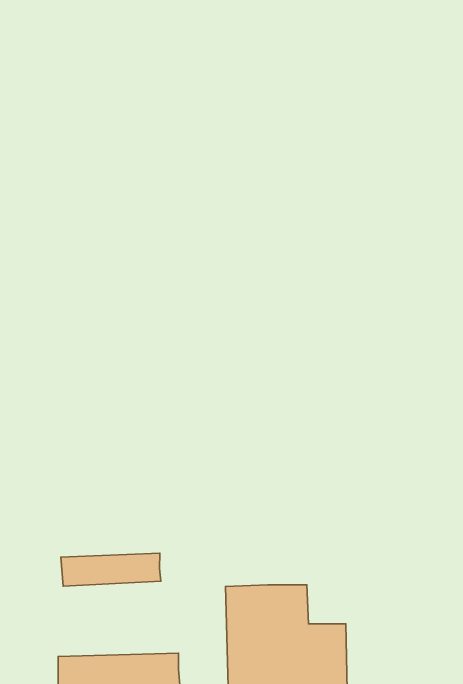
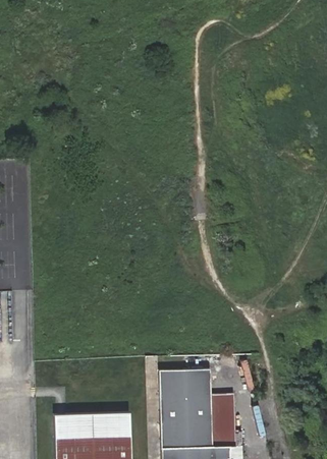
building: [61,553,161,586] -> none

